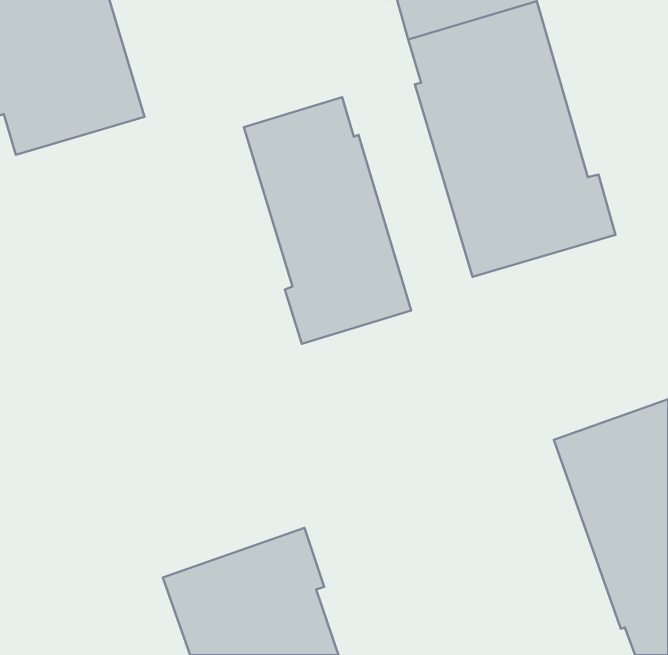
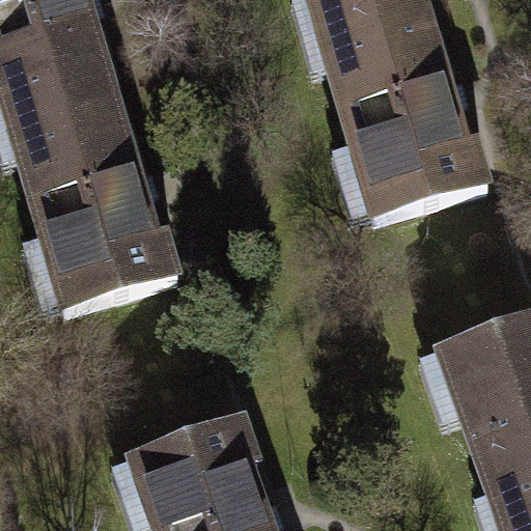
building: [244,97,411,344] -> none
building: none -> [12,92,177,309]

